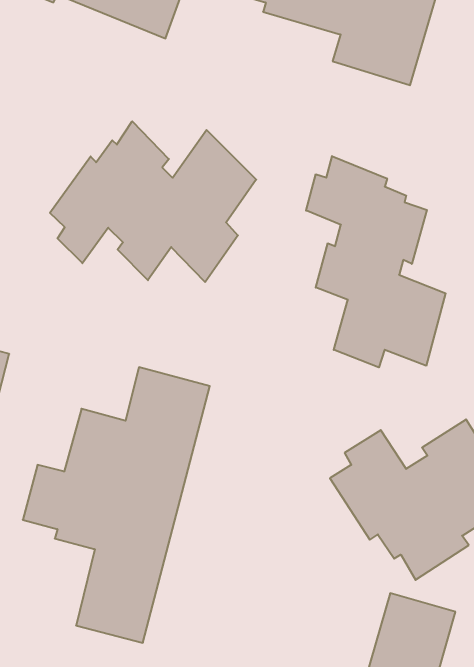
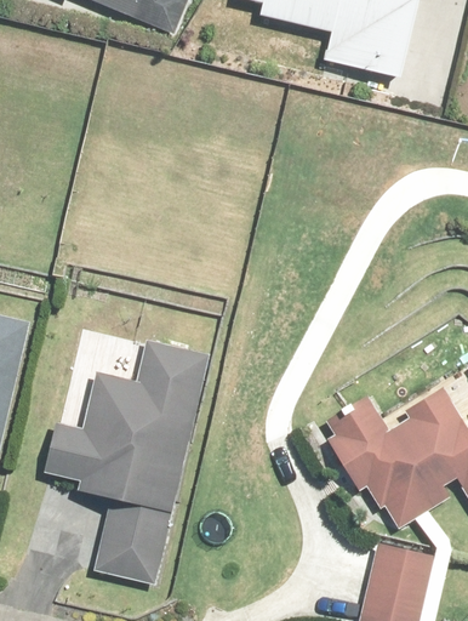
building: [50,121,256,282] -> none
building: [306,156,446,367] -> none

